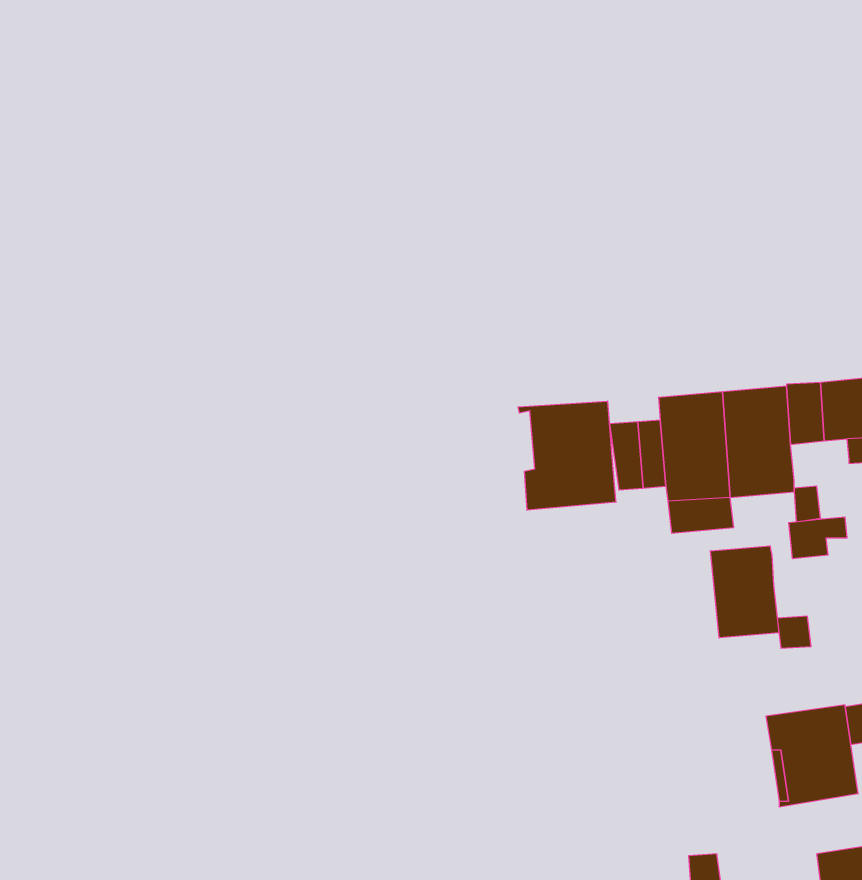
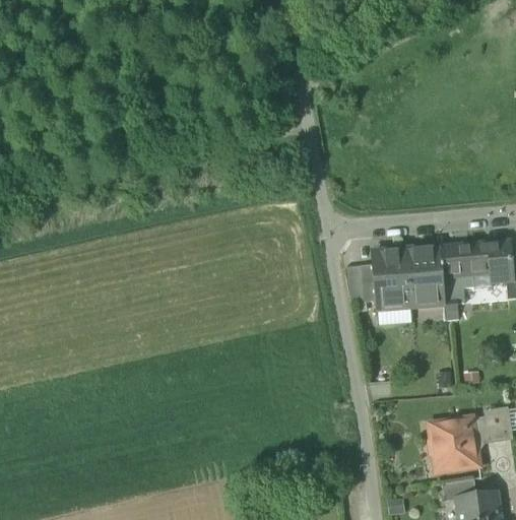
building: [518,401,616,510] -> none
building: [789,517,847,559] -> [443,274,474,297]
building: [710,546,779,638] -> none
building: none -> [442,478,476,501]

